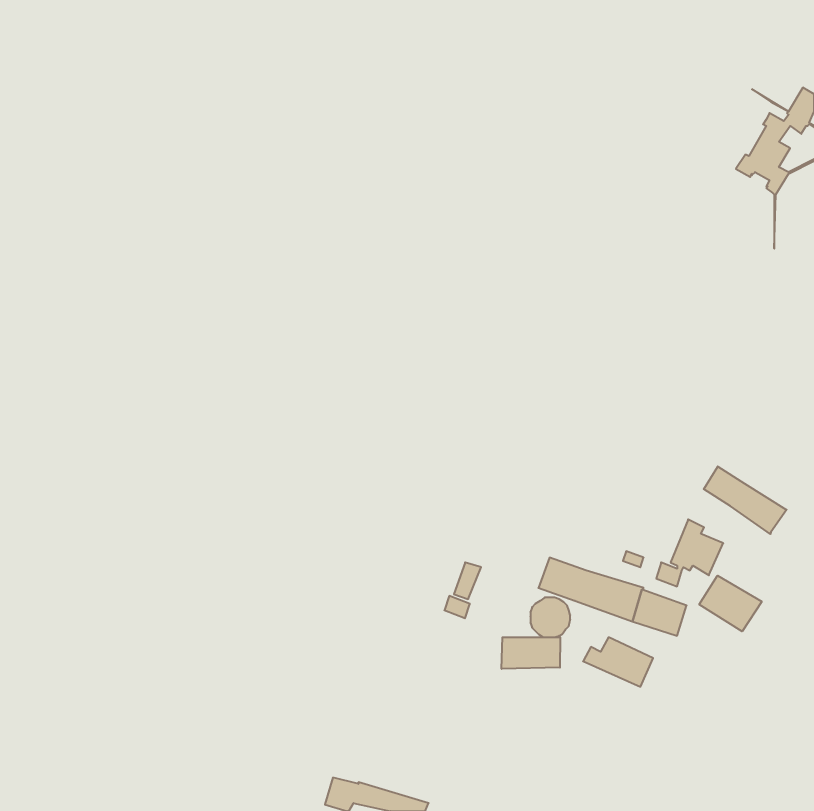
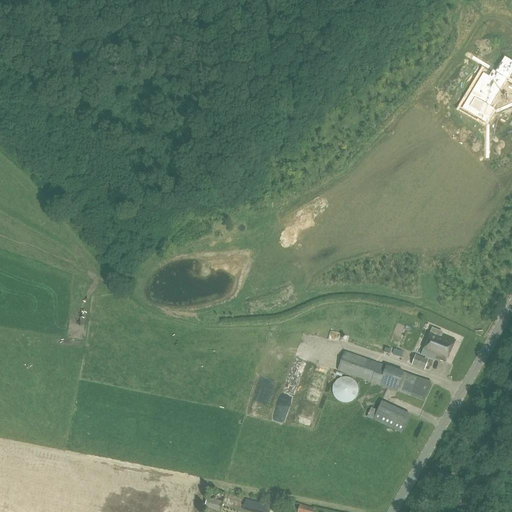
building: [704,466,787,534] -> none
building: [699,576,762,631] -> none
building: [502,637,560,669] -> none

